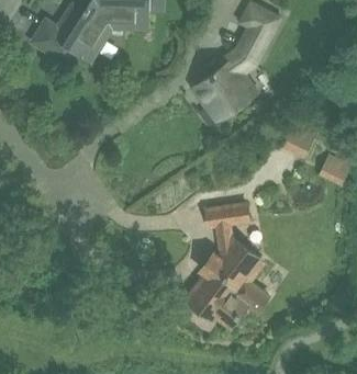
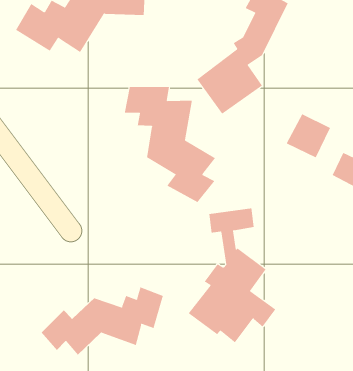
building: none -> [124,86,216,203]
building: none -> [41,286,164,355]

